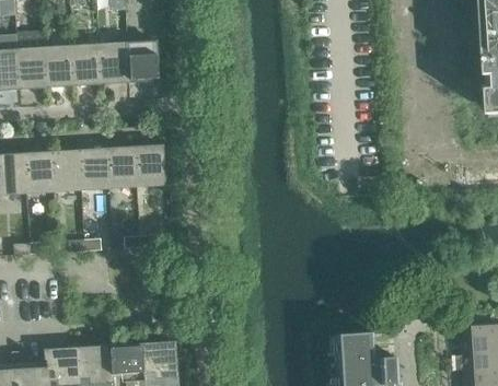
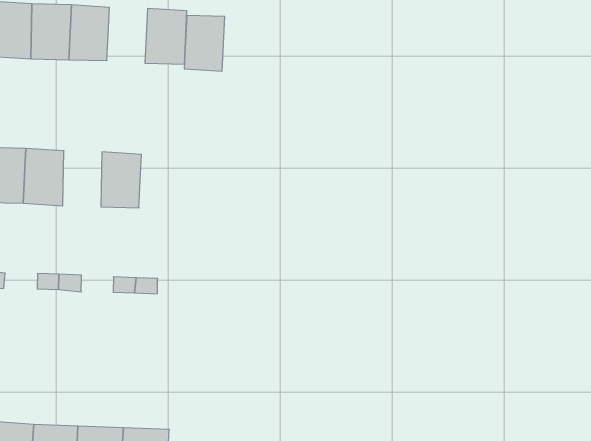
building: [100,43,129,83] -> [184,16,225,71]
building: [134,145,164,186] -> none
building: [78,149,108,190] -> none

